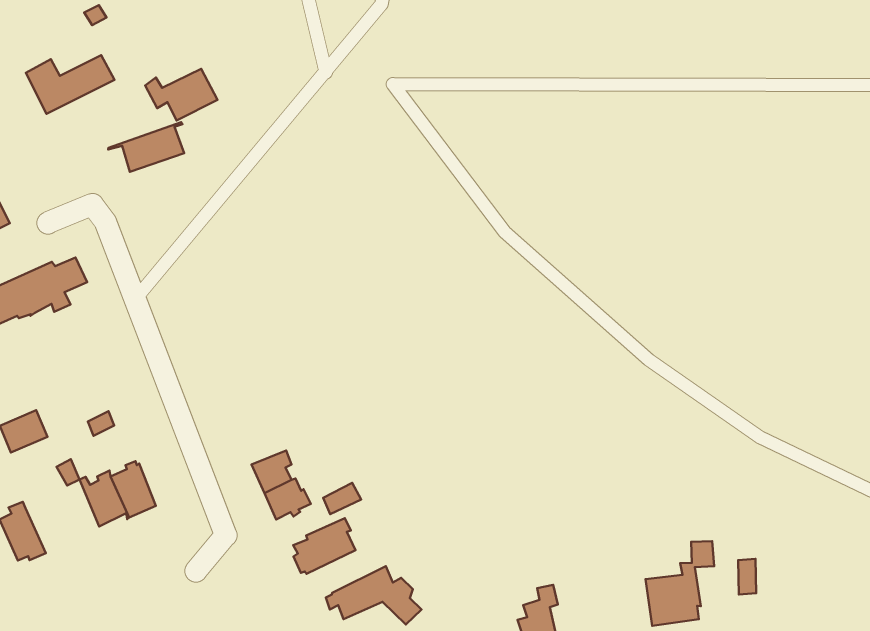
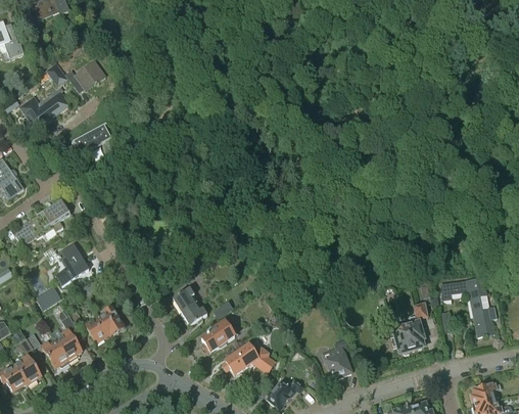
building: [145,69,218,120] -> [65,60,105,90]
building: none -> [54,244,88,285]
building: none -> [54,316,81,362]
building: none -> [439,278,496,336]

